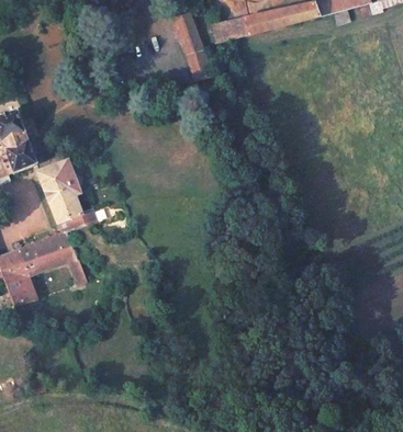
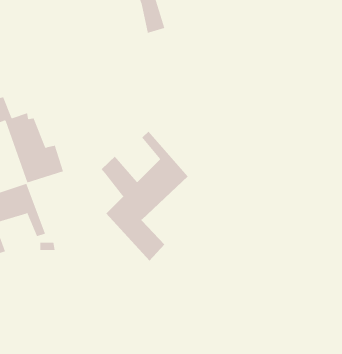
building: none -> [101,131,188,261]

